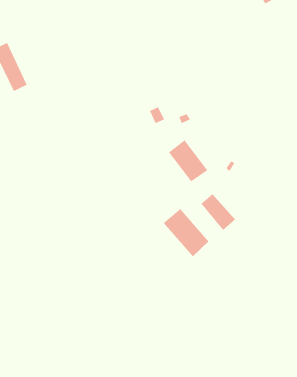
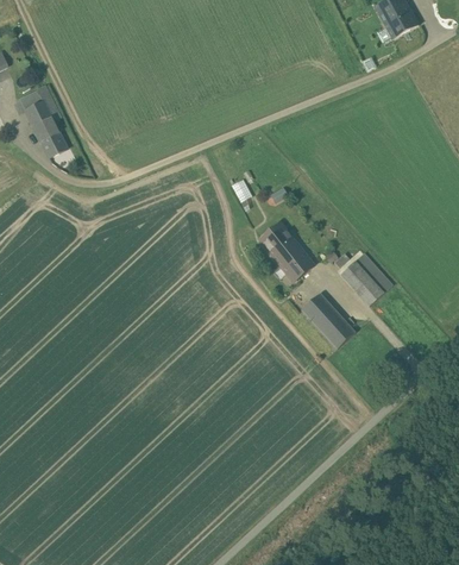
building: none -> [341,252,392,305]
building: [163,208,209,257] -> none

